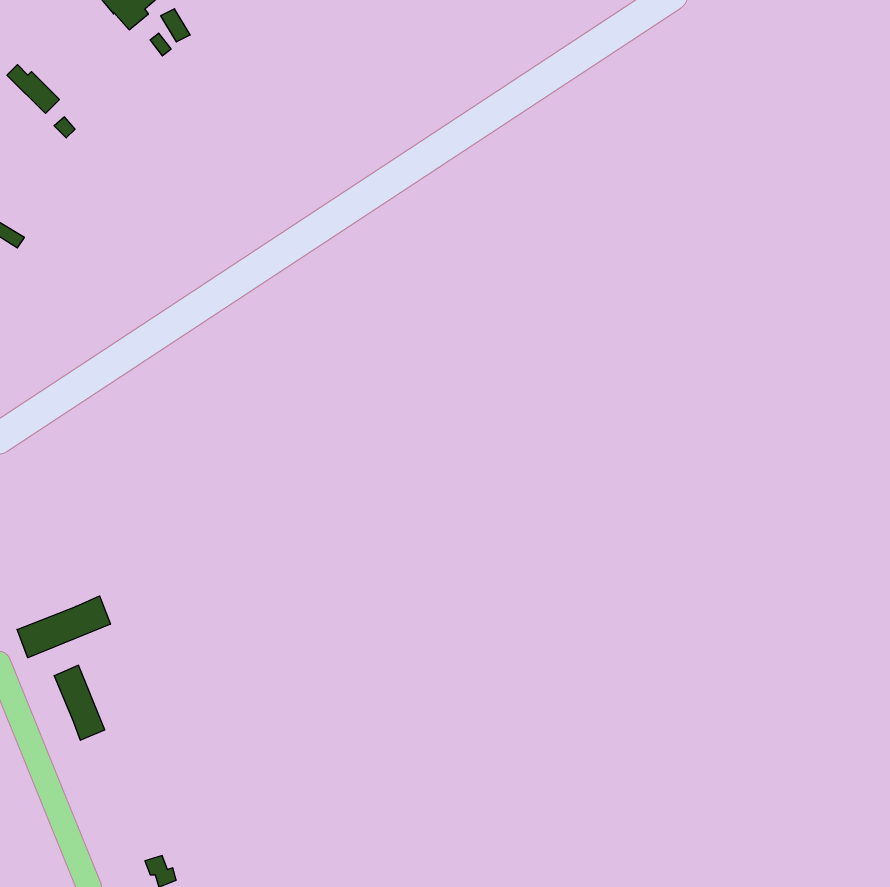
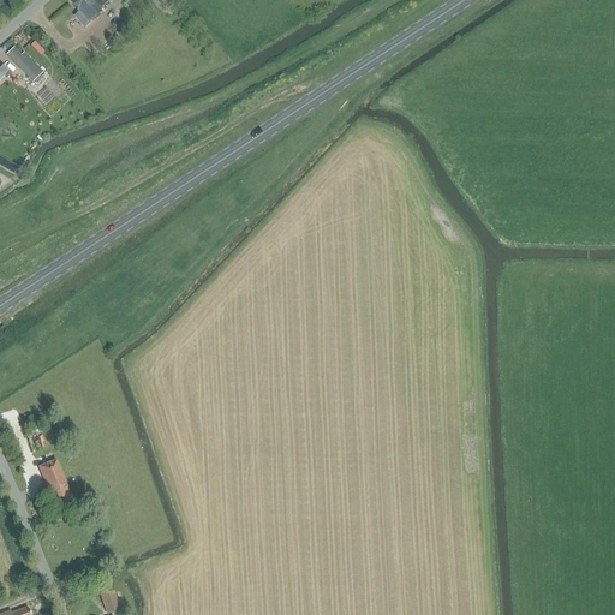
building: [17,596,110,658] -> none

